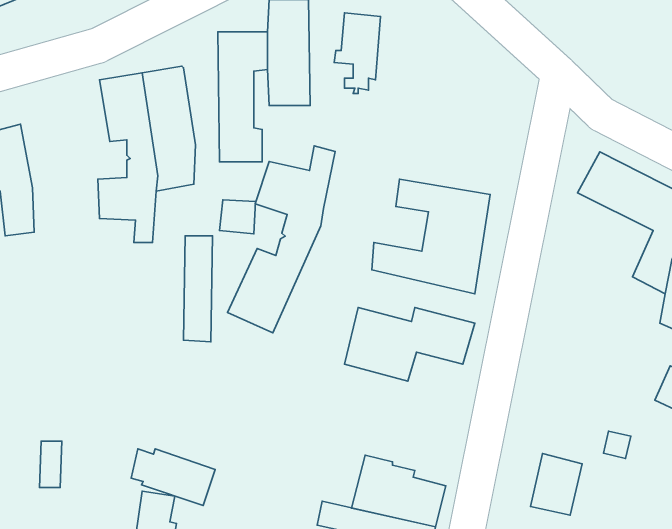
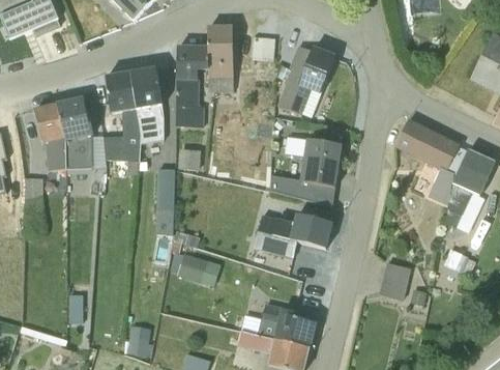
building: none -> [277,45,335,116]
building: none -> [58,98,106,176]
building: [227,146,335,333] -> none
building: [131,449,215,506] -> [170,252,220,286]
building: [531,453,582,515] -> [379,261,410,298]

